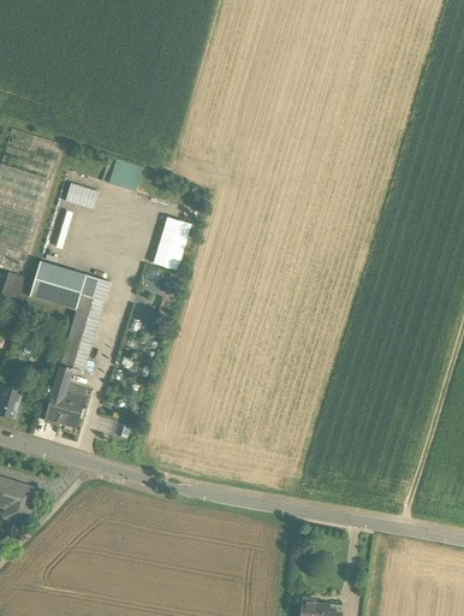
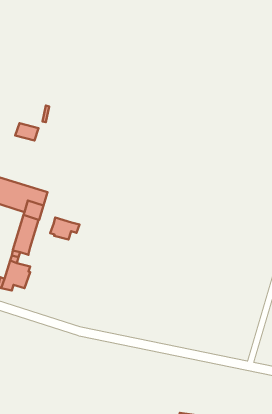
building: [109,159,143,190] -> none
building: [151,214,189,268] -> none
building: none -> [50,218,80,240]

